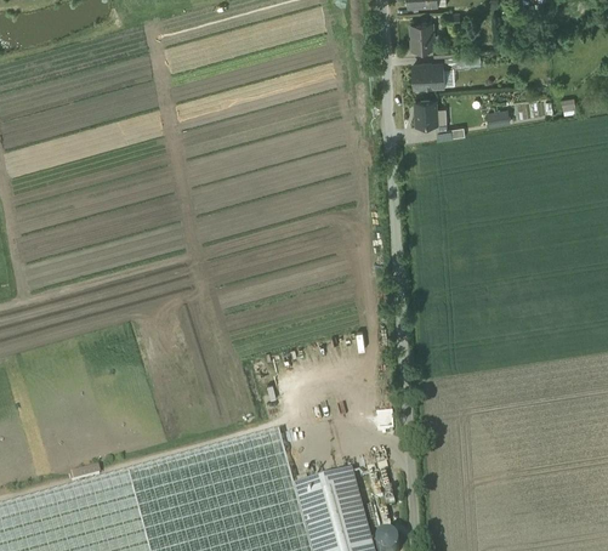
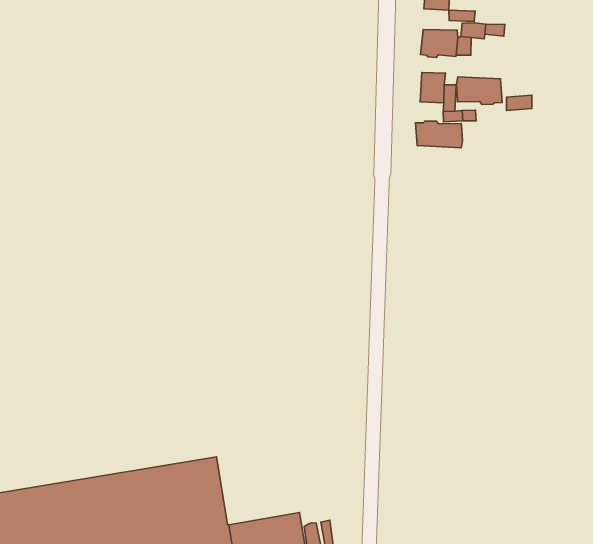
building: none -> [456,77,502,104]
building: none -> [416,121,463,148]

